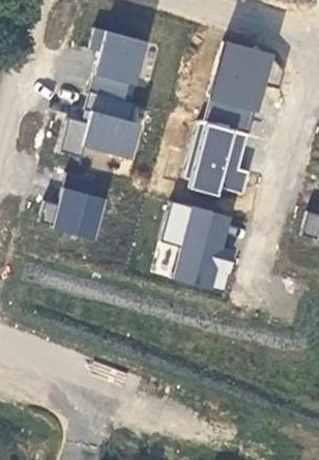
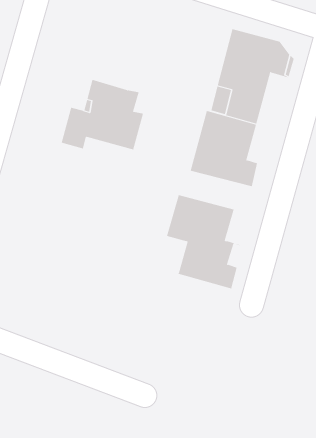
building: [89,28,145,100] -> none
building: [56,191,109,241] -> none

